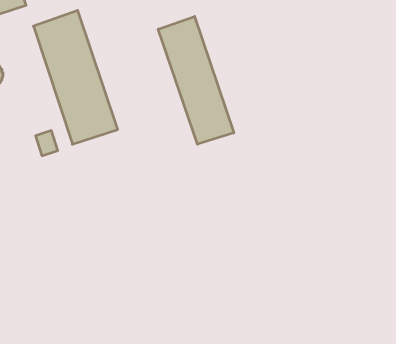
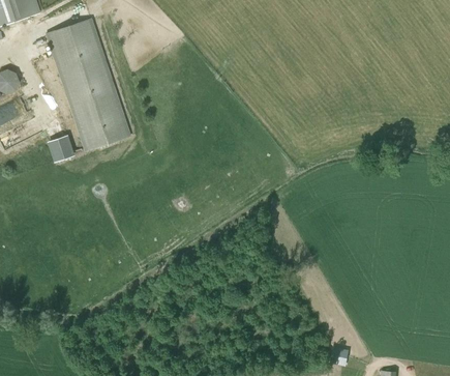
building: [158,16,234,144] -> none

